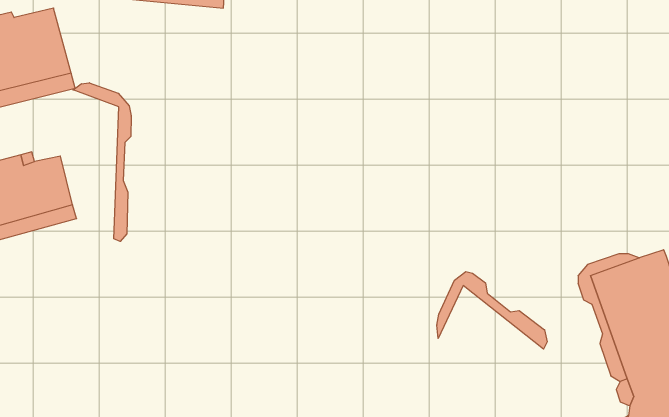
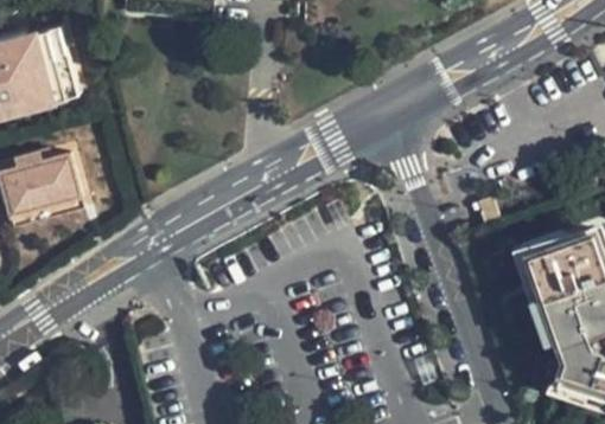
building: [73,83,131,241] -> none
building: [437,272,547,349] -> none

